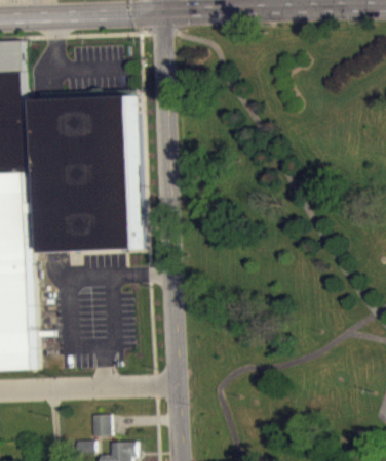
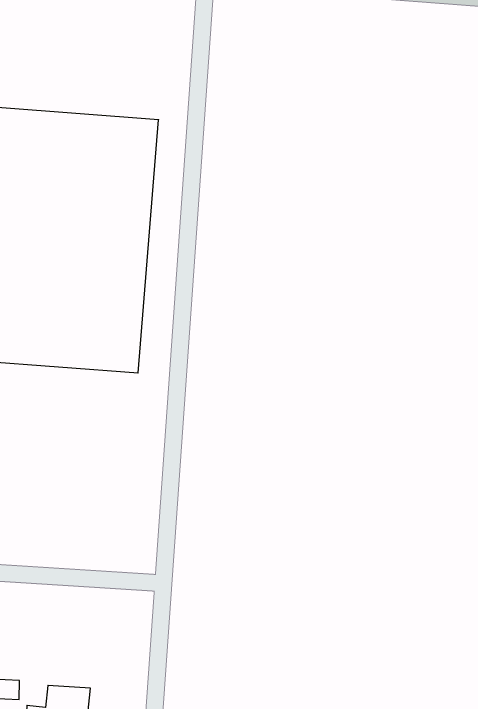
building: [89,415,109,437] -> none

